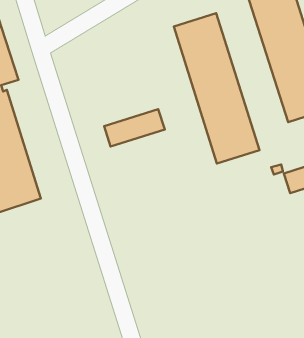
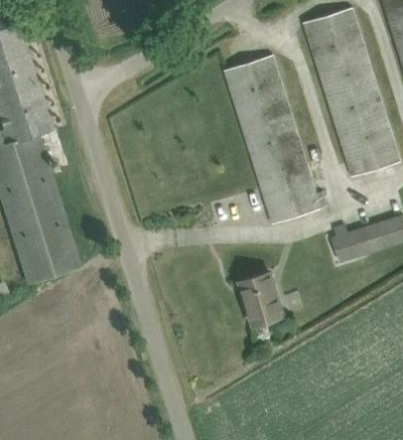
building: [104,109,165,146] -> none
building: none -> [240,273,283,325]

